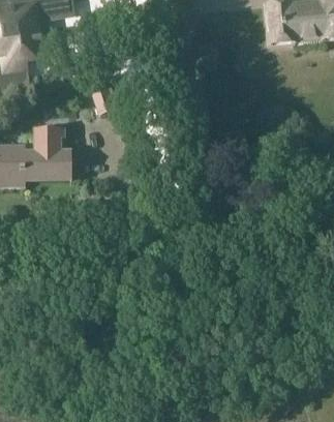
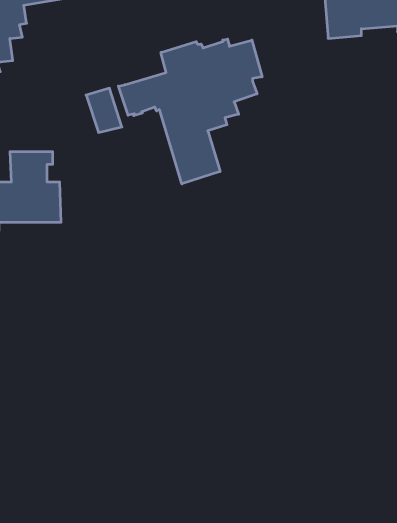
building: none -> [118,39,262,184]

